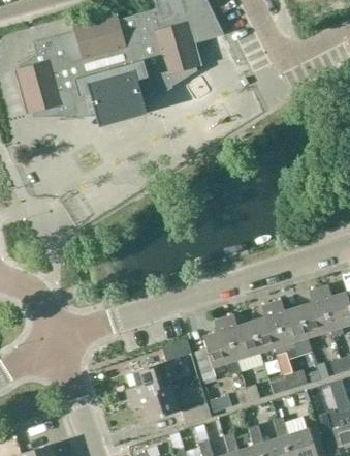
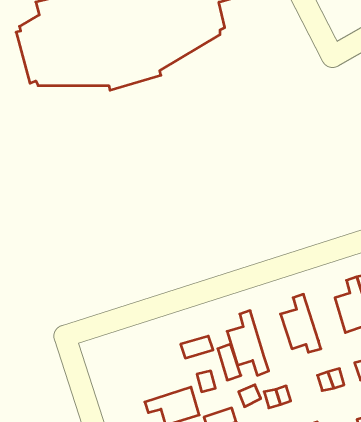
building: [272,300,309,352] -> none
building: [224,314,264,371] -> none
building: [127,362,171,399] -> none

